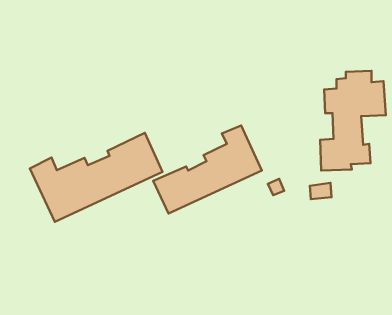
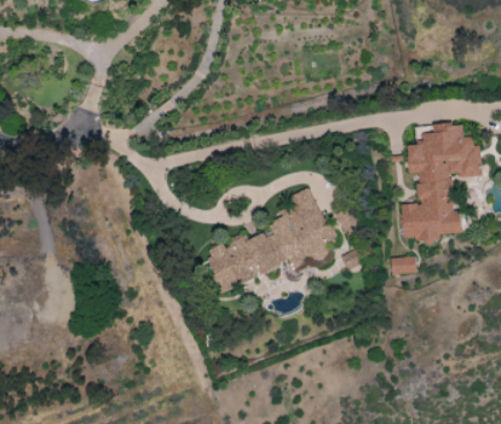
building: [30,133,163,222] -> none

